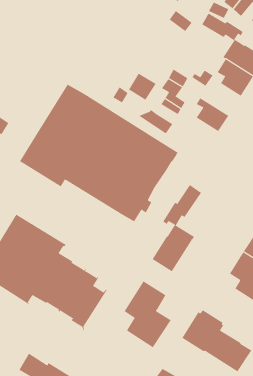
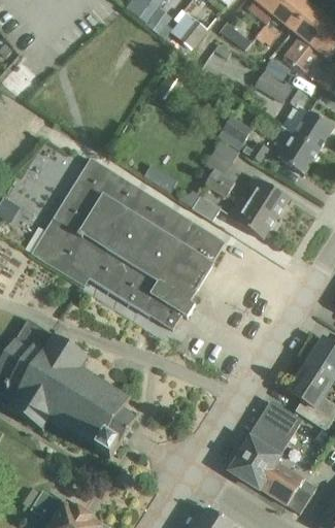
building: [128,73,157,100] -> [217,114,253,148]
building: none -> [226,194,275,238]
building: [152,184,202,272] -> none
building: [124,280,171,348] -> none
building: none -> [256,401,302,452]

